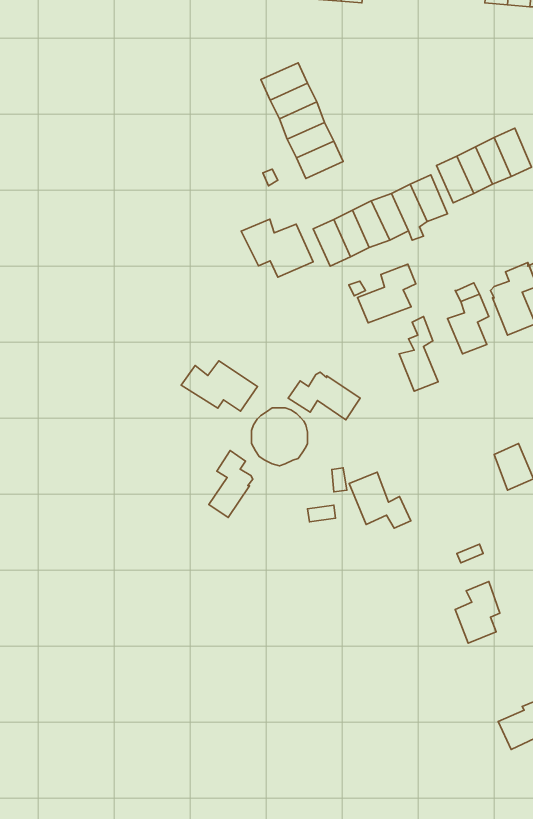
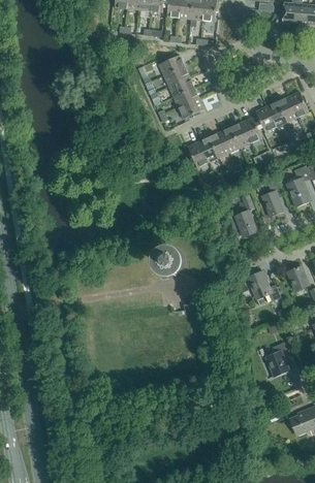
building: [241,219,313,277] -> none
building: [358,264,416,323] -> none
building: [181,361,257,411] -> none
building: [288,372,360,420] -> none
building: [209,450,253,518] -> none
building: [349,472,411,528] -> [248,270,282,301]

